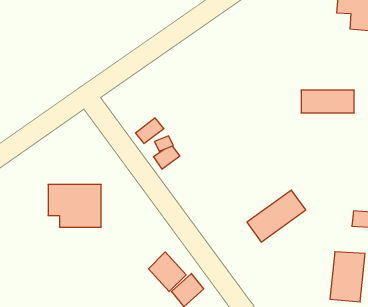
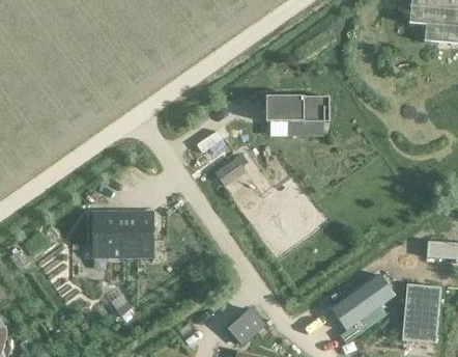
building: [301,90,354,113] -> [266,97,324,121]
building: [247,190,306,242] -> [331,273,395,330]
building: [148,252,186,292] -> none

